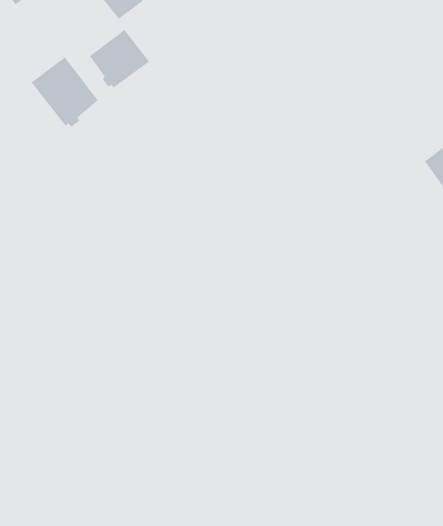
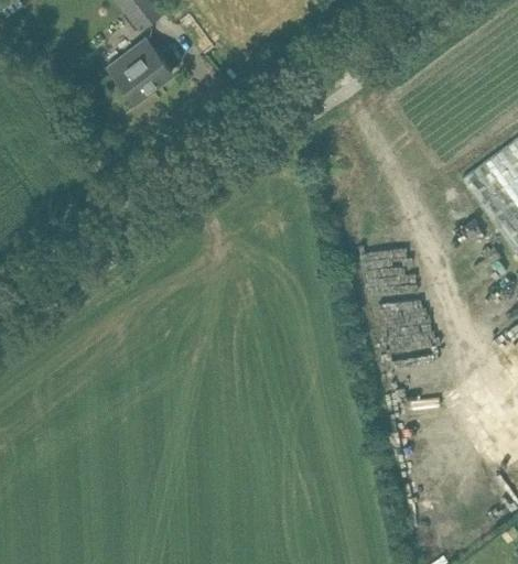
building: [31,56,99,128] -> none

